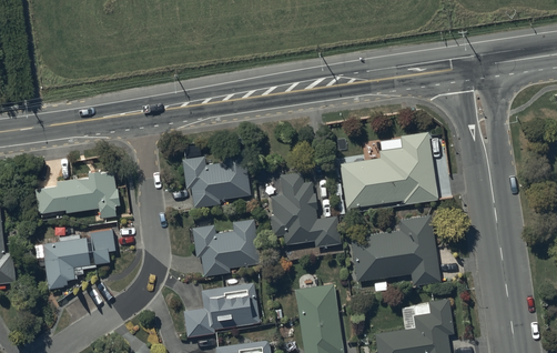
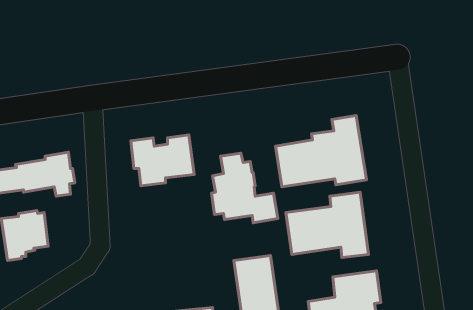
building: [192,219,261,276] -> none
building: [90,229,117,264] -> none
building: [183,282,259,336] -> none

